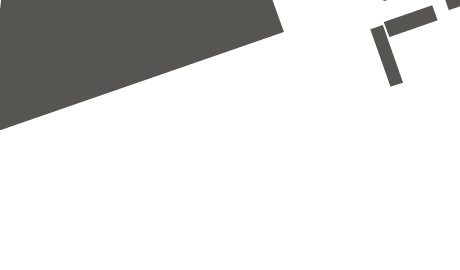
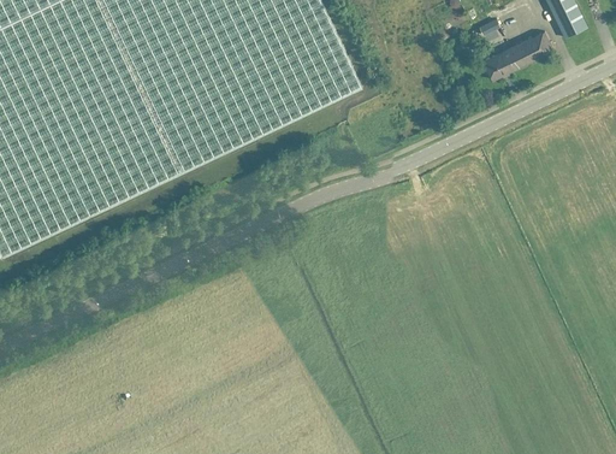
building: [369,24,404,88] -> none

